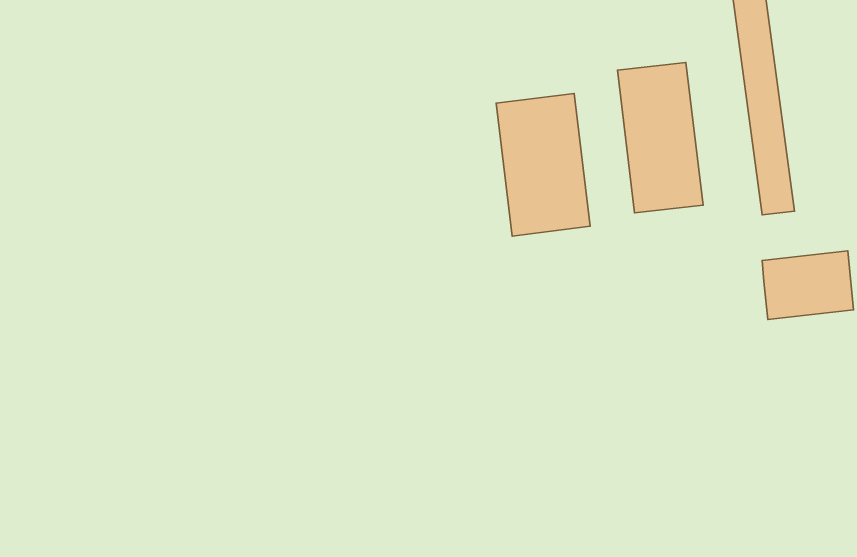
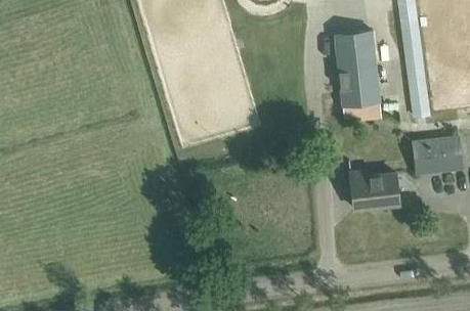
building: [496,93,590,236] -> none
building: none -> [350,172,399,210]

